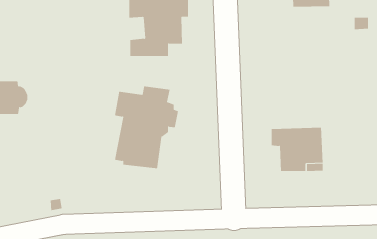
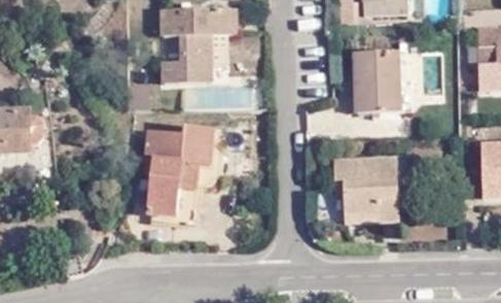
building: none -> [356,55,401,110]

